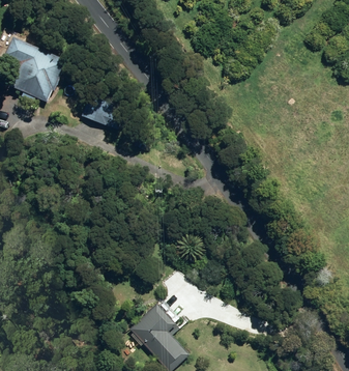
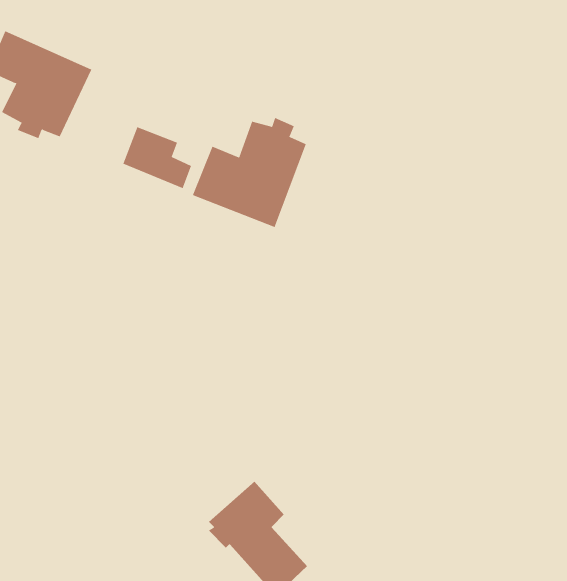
building: none -> [192,117,306,228]

